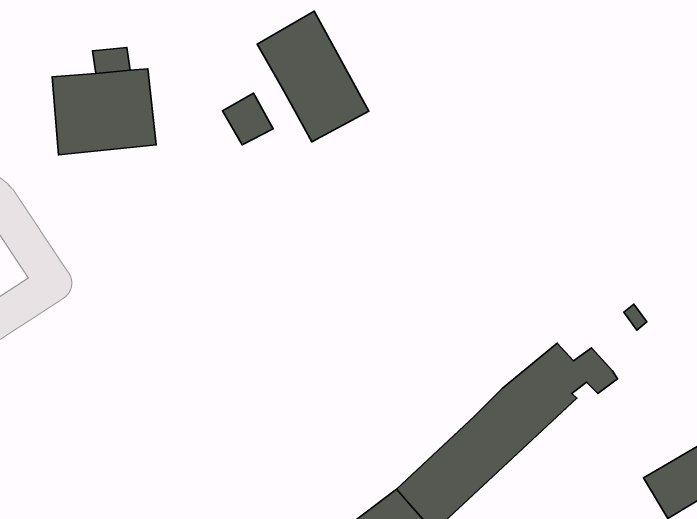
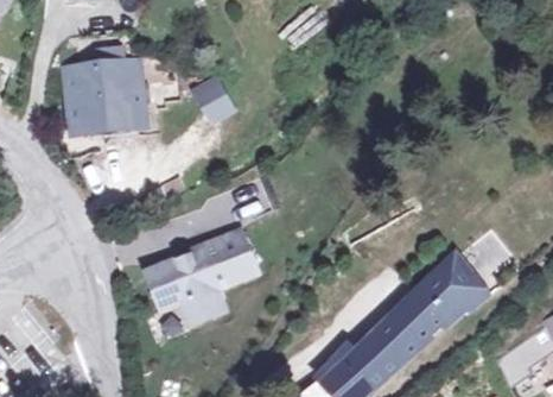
building: [257,11,369,142] -> none
building: none -> [152,239,260,330]

